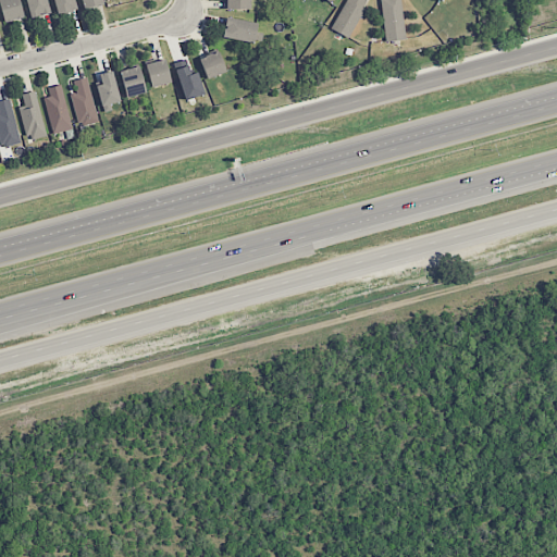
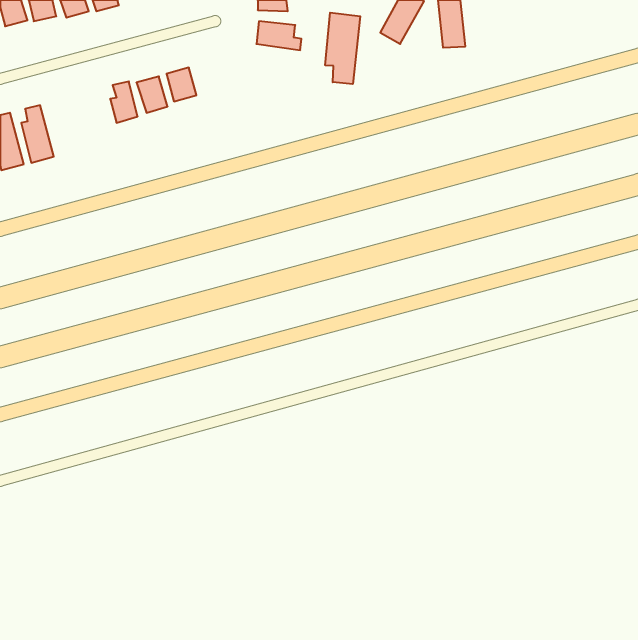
building: none -> [325,13,360,84]
building: [200,51,227,79] -> none
building: [175,59,205,100] -> none
building: [71,77,99,126] -> none
building: [45,85,73,134] -> none

